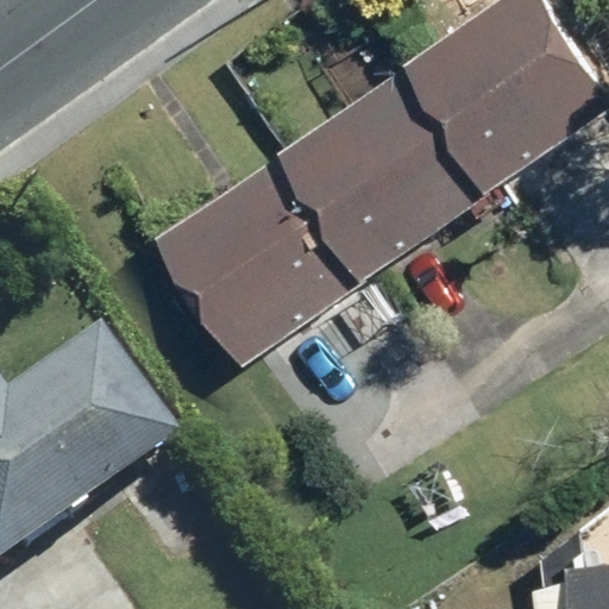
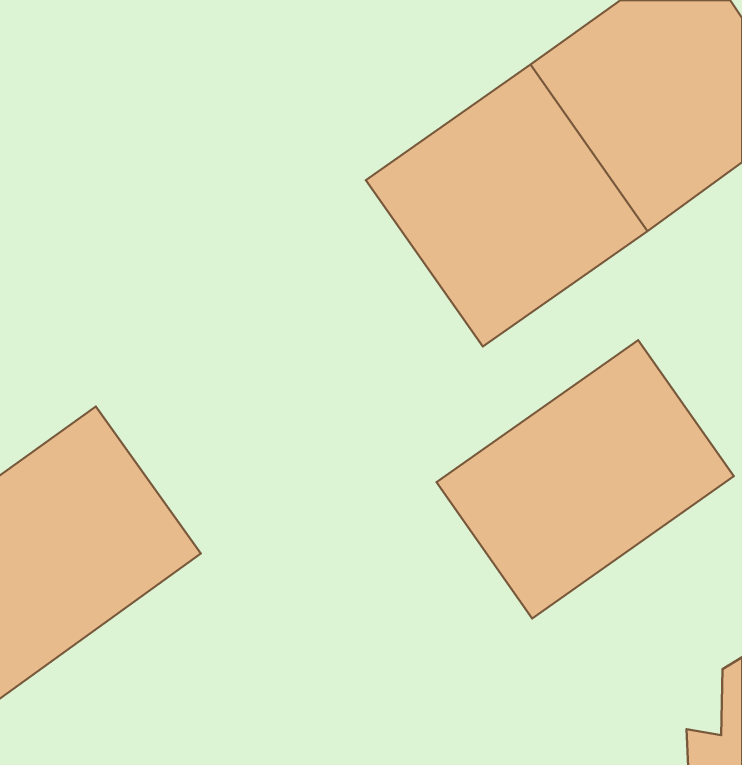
building: [159,144,383,366] -> none
building: none -> [437,340,734,618]

